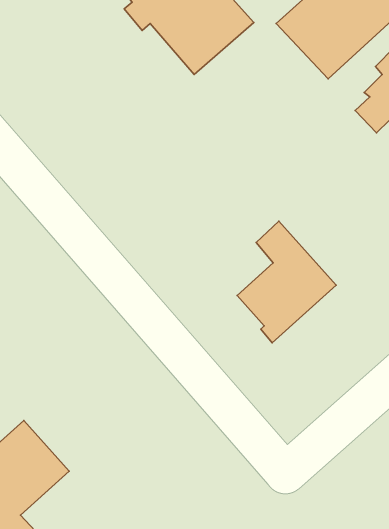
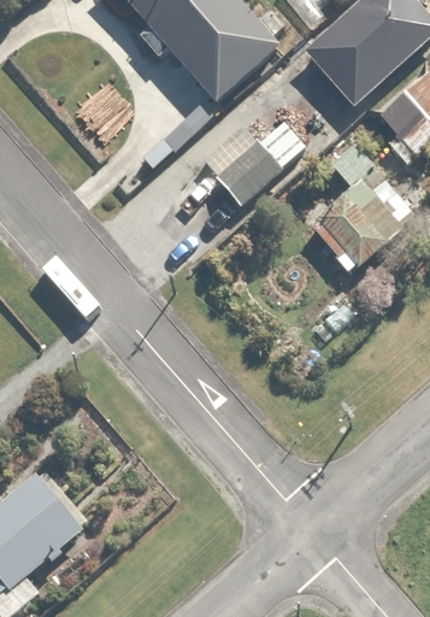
building: none -> [217,140,285,204]
building: [237,221,336,343] -> [311,141,417,271]

